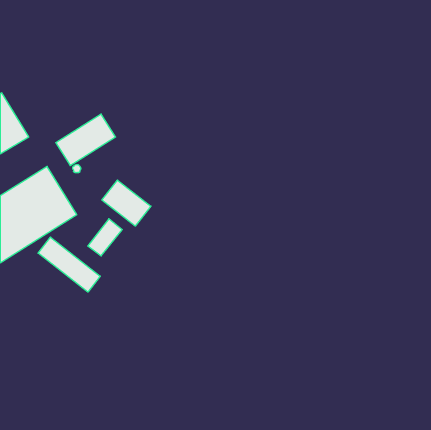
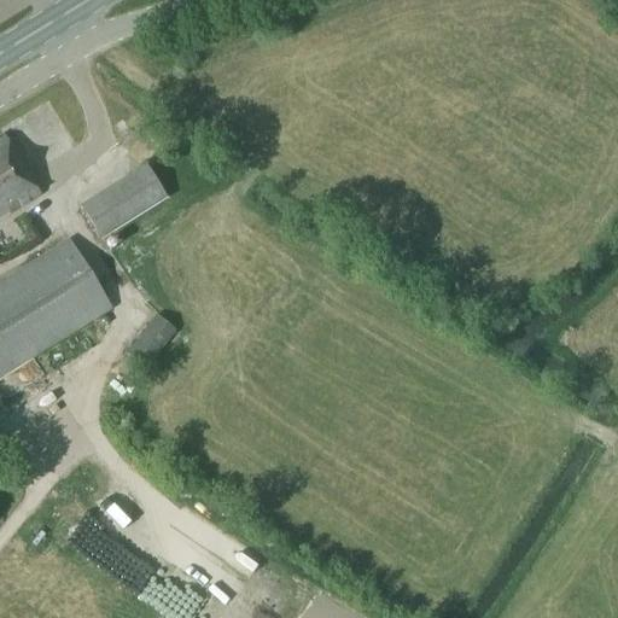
building: [102,180,151,226] -> none
building: [38,237,100,292] -> none

